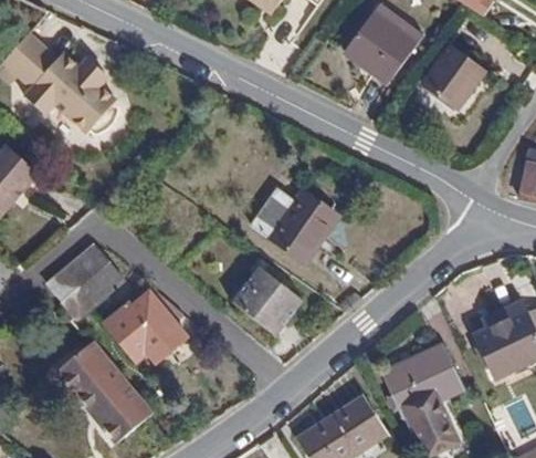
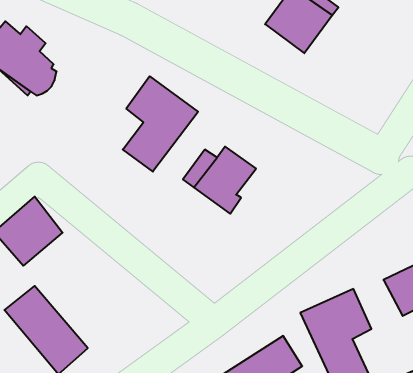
building: [423,45,484,107] -> none
building: none -> [123,76,198,172]
building: [232,266,304,334] -> none
building: [106,292,185,360] -> none

